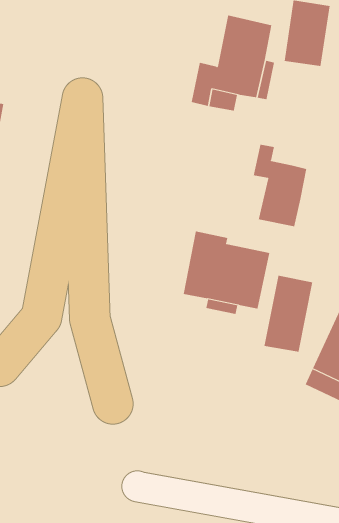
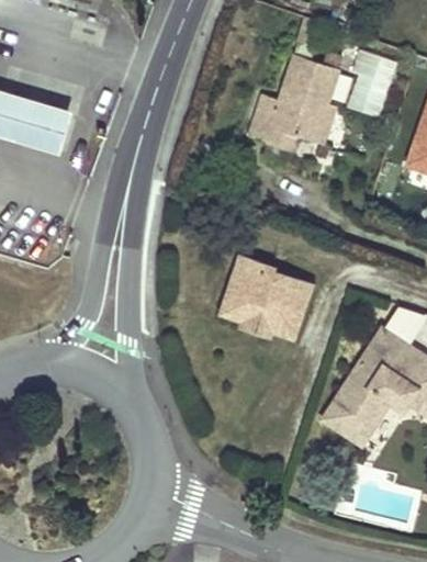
building: [253,144,307,227] -> none
building: [264,275,313,352] -> none

